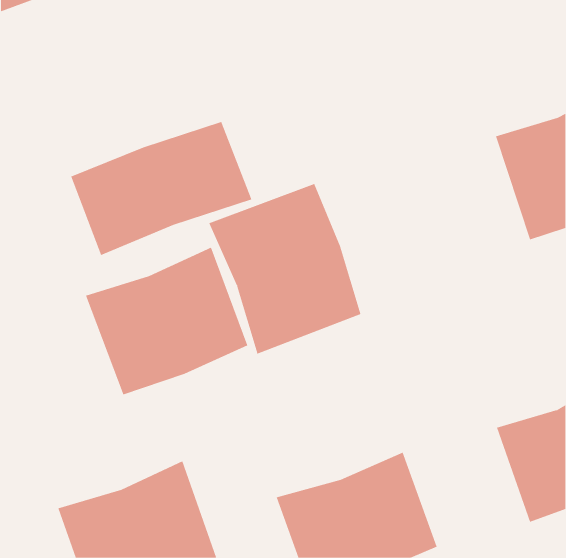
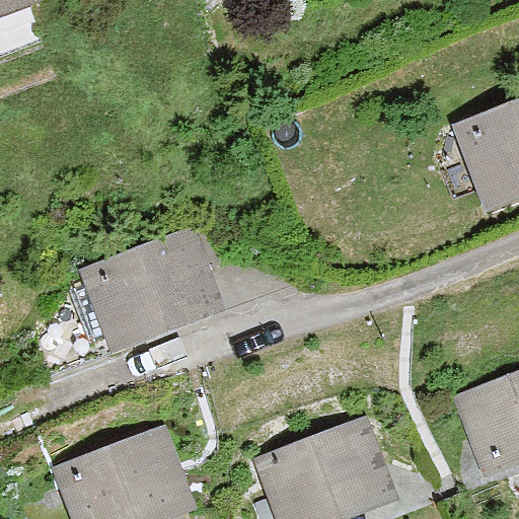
building: [71,121,252,256] -> none
building: [209,183,361,355] -> none

